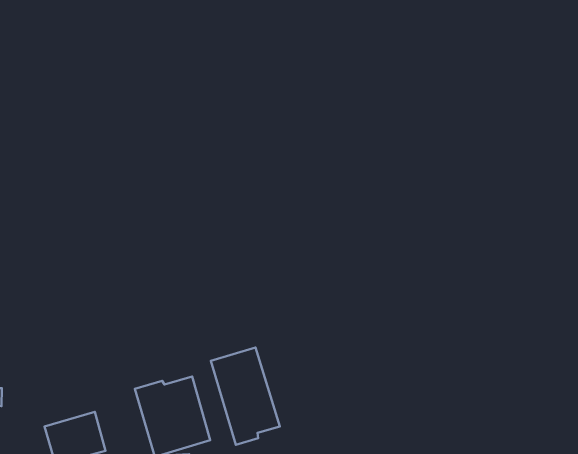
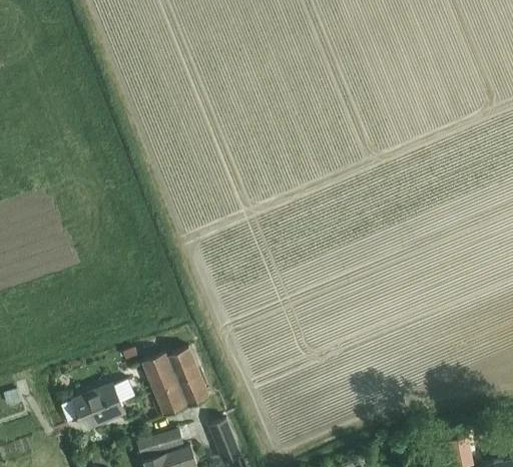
building: [211,348,280,445] -> none

